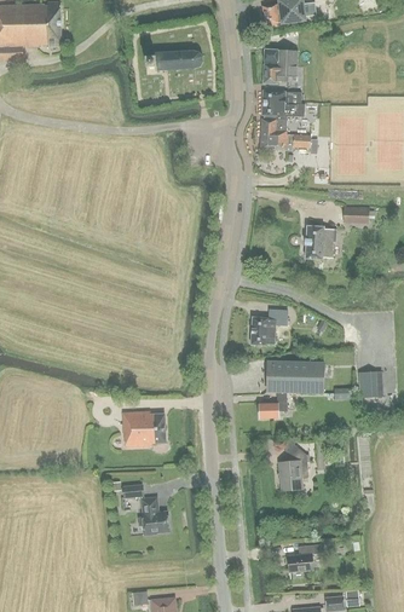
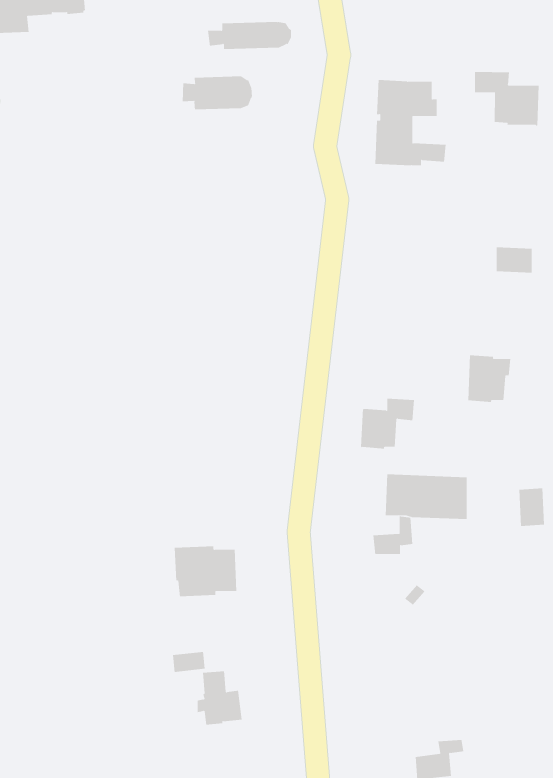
building: [262,47,298,82] -> none
building: none -> [474,71,539,127]
building: none -> [182,76,252,110]
building: [306,225,336,258] -> [467,355,511,402]
building: [279,446,308,487] -> none

